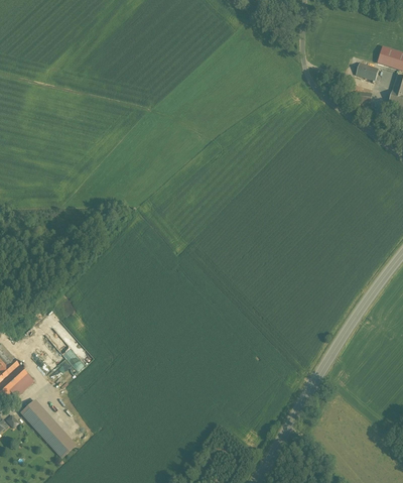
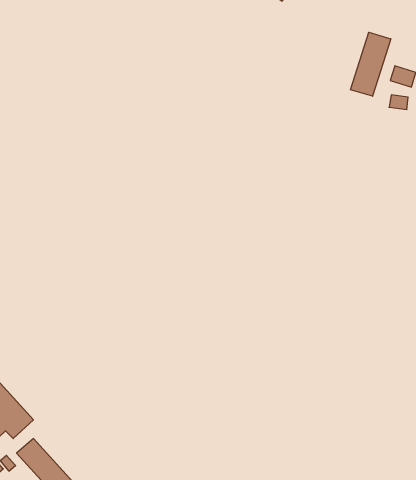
building: none -> [351,32,391,96]

